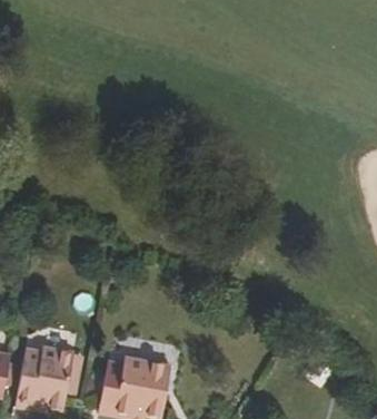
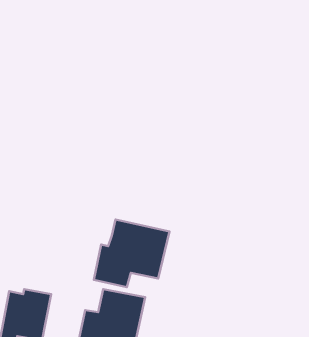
building: none -> [94,220,170,287]

